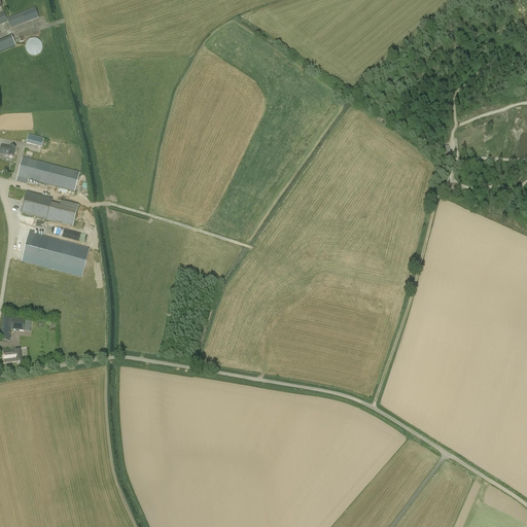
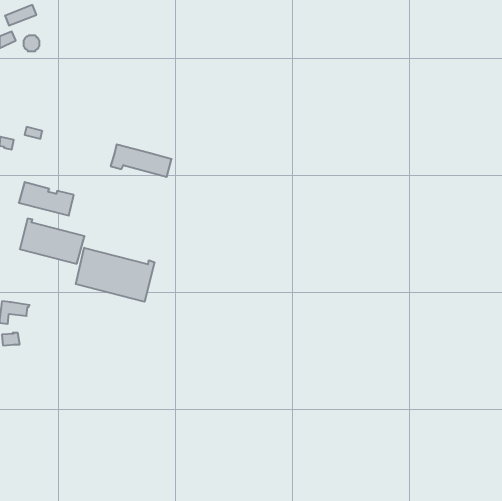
building: [14,156,78,190] -> [111,144,172,177]
building: none -> [76,248,155,302]

